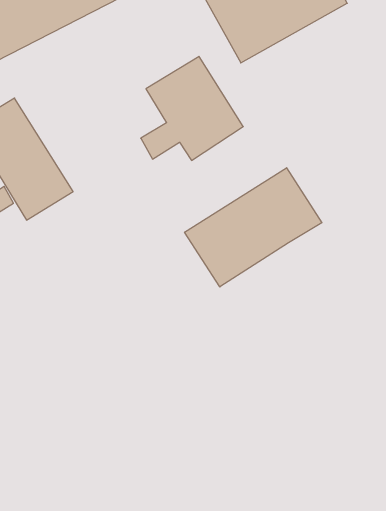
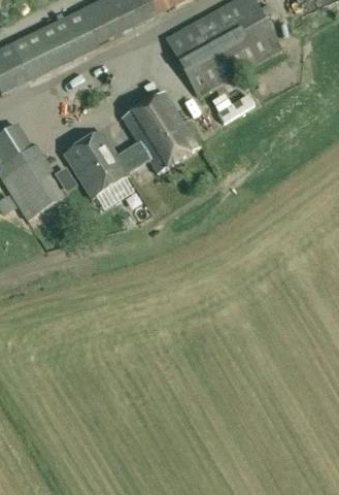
building: none -> [64,129,129,197]
building: [185,168,322,287] -> none

